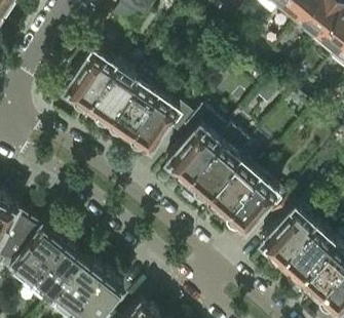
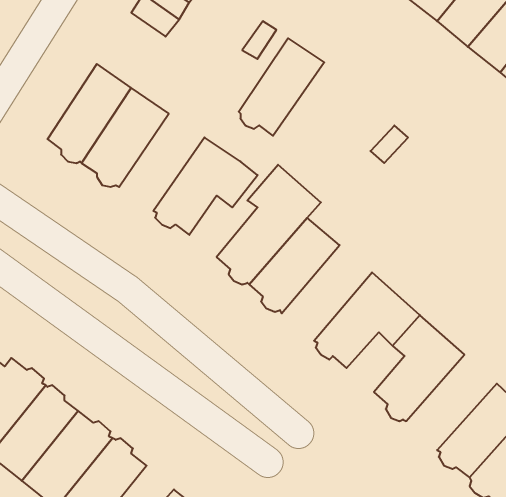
building: [107,76,158,134] -> [239,38,324,136]
building: [204,155,259,212] -> none
building: [279,221,334,278] -> none

